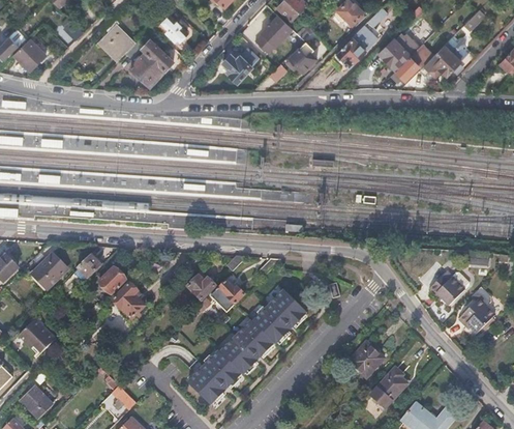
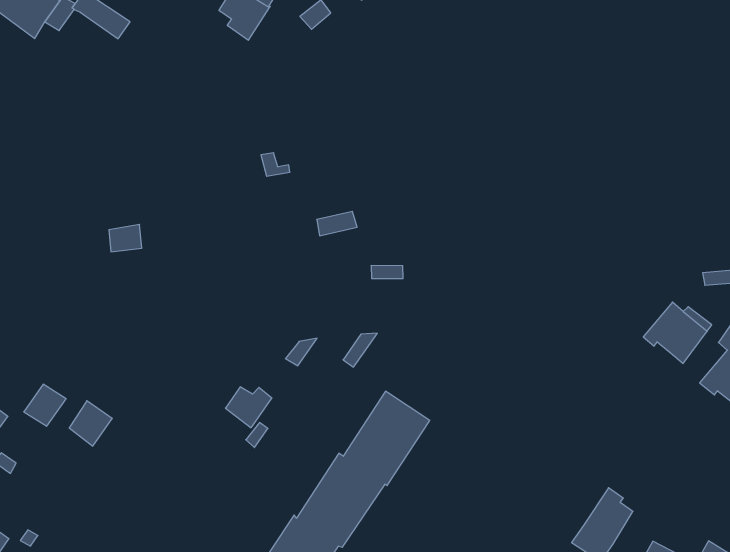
building: [130,50,165,85] -> none
building: [212,280,244,310] -> none
building: [114,283,144,317] -> none
building: [349,340,384,375] -> none

